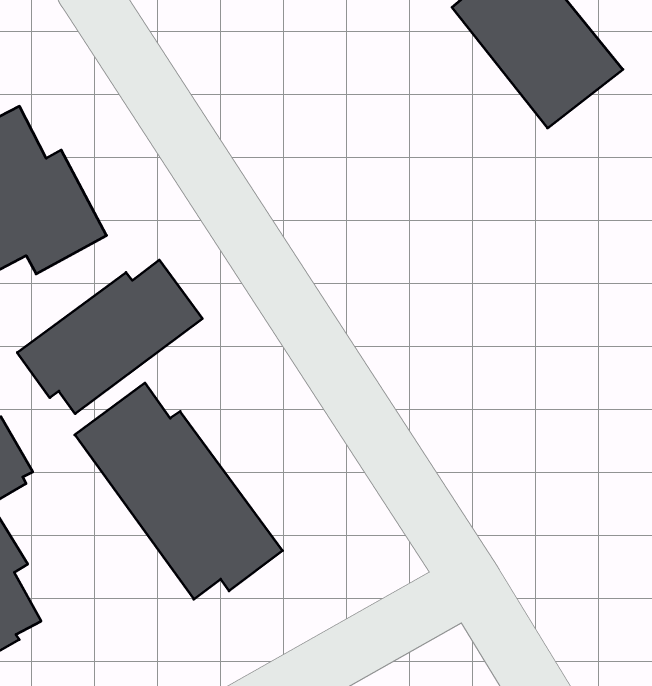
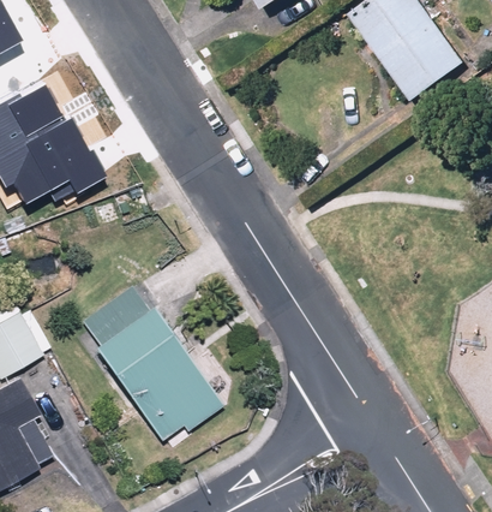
building: [17,260,202,414] -> none

